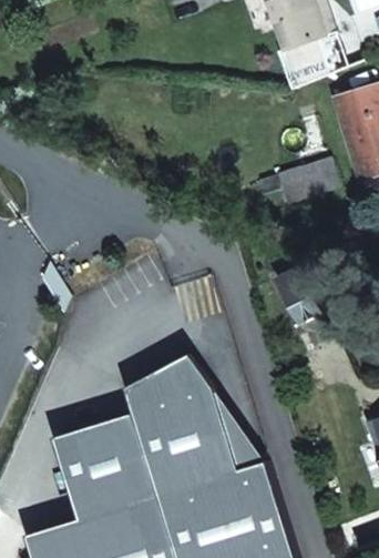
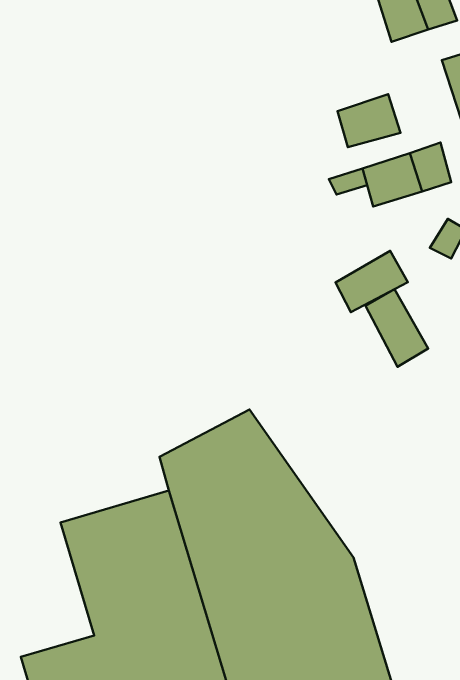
building: none -> [338,94,400,147]
building: none -> [336,251,408,312]

